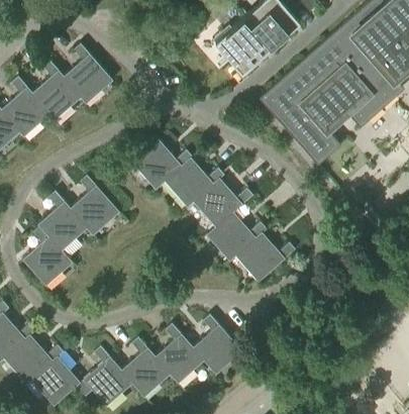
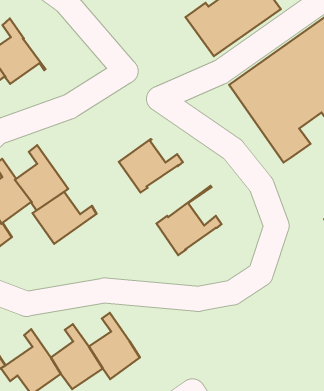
building: [63,43,112,103] -> none
building: [132,140,192,190] -> [32,192,96,244]
building: [193,179,252,228] -> none
building: [235,233,296,283] -> none
building: [193,314,242,375] -> none

